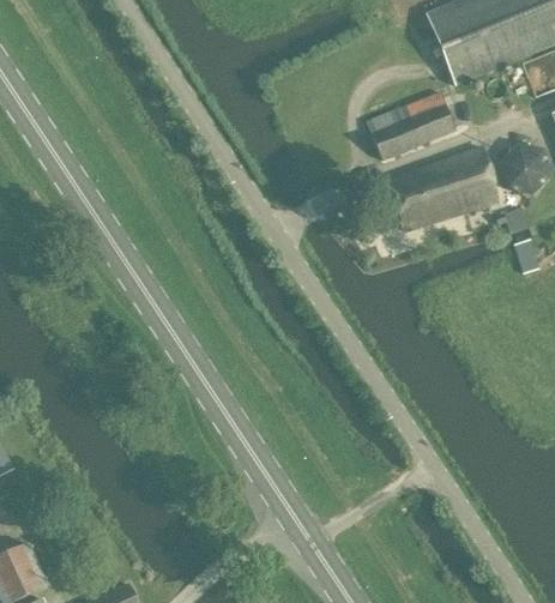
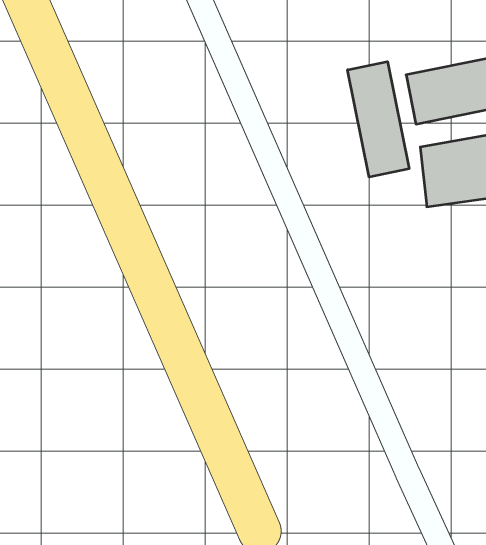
building: none -> [348,62,409,177]

